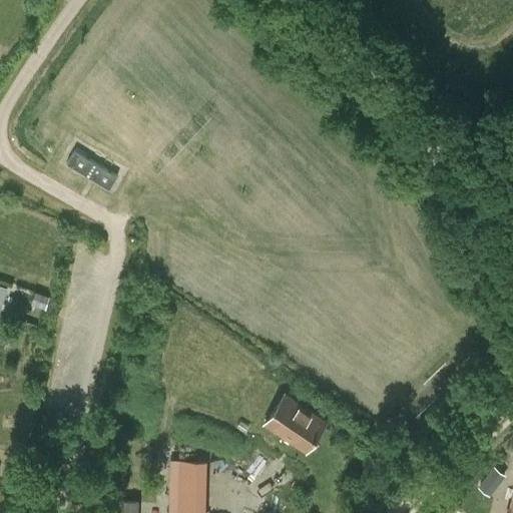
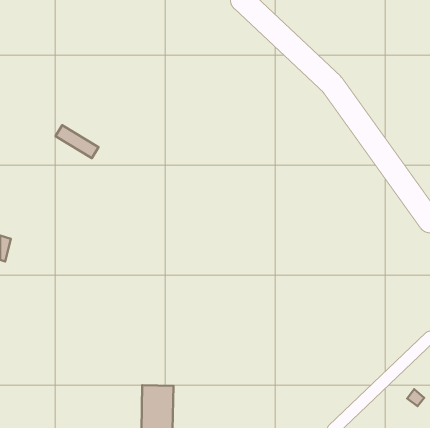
building: [266,397,326,453] -> none

